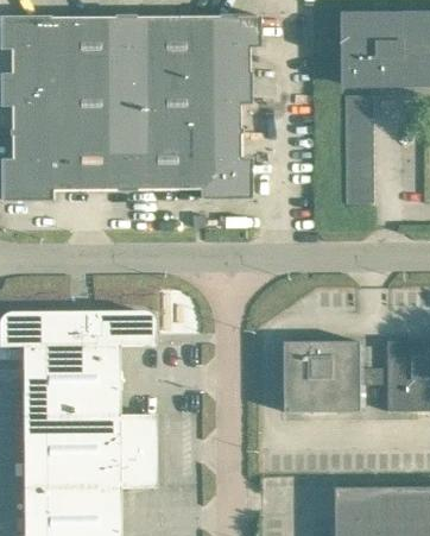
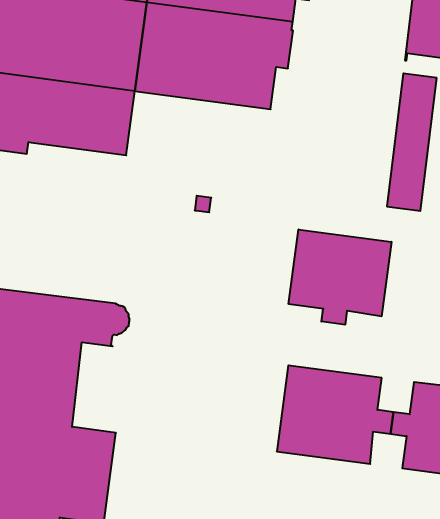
building: [131,138,252,198] -> none
building: none -> [289,229,391,325]

